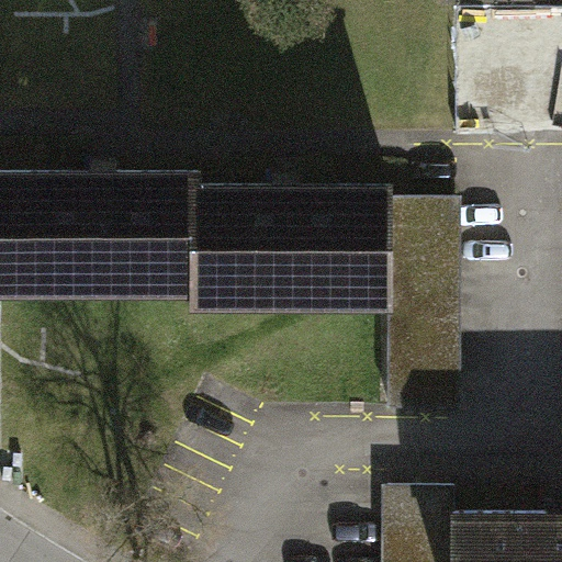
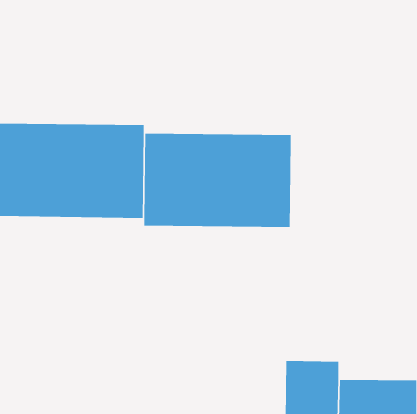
building: [387,198,461,417] -> none

